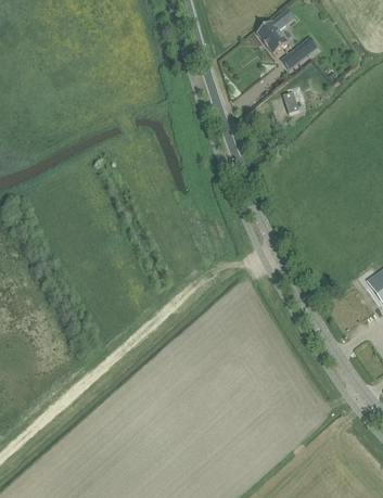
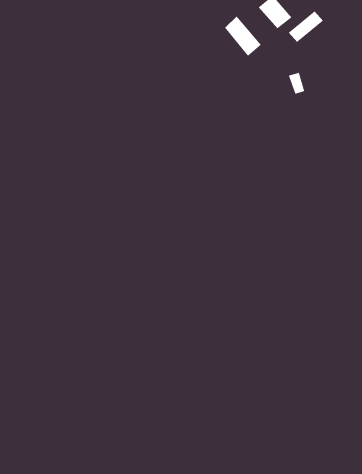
building: none -> [224,16,262,57]

